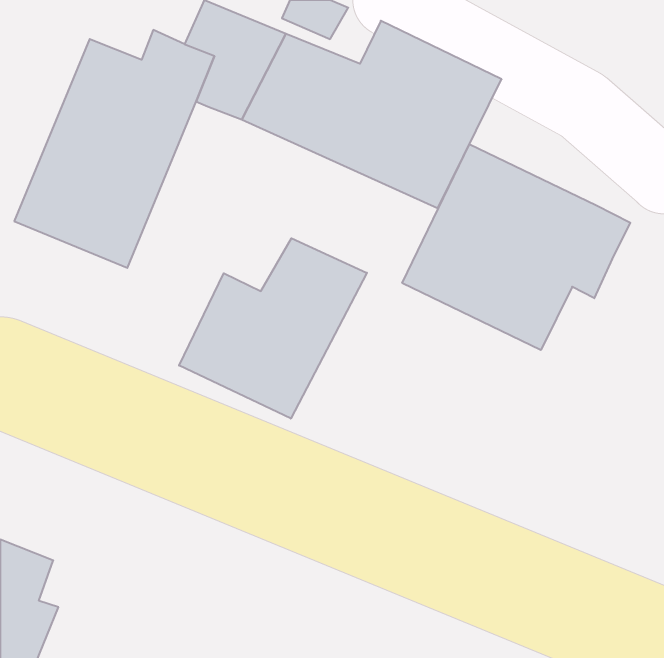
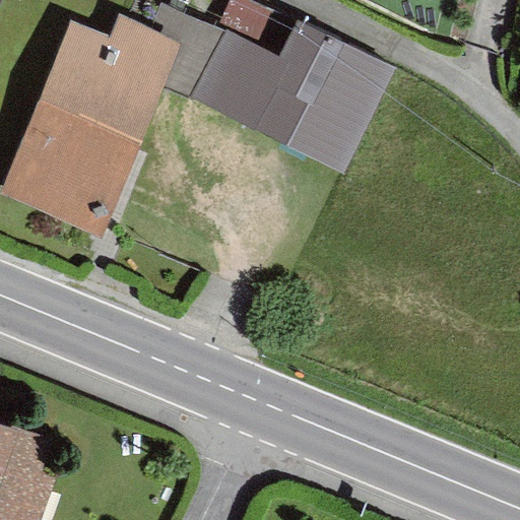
building: [402,144,630,350] -> none
building: [179,238,367,419] -> none

